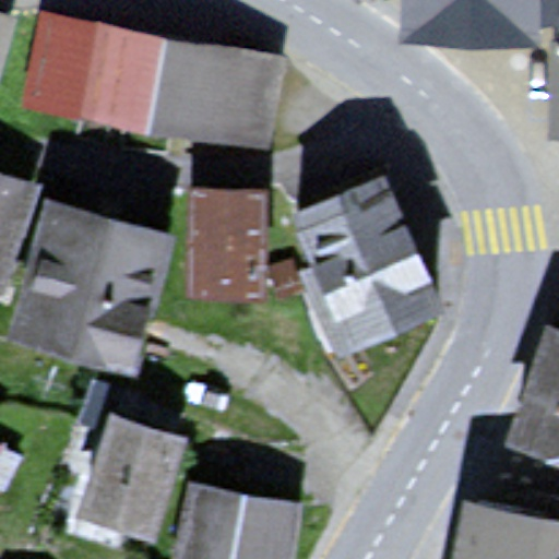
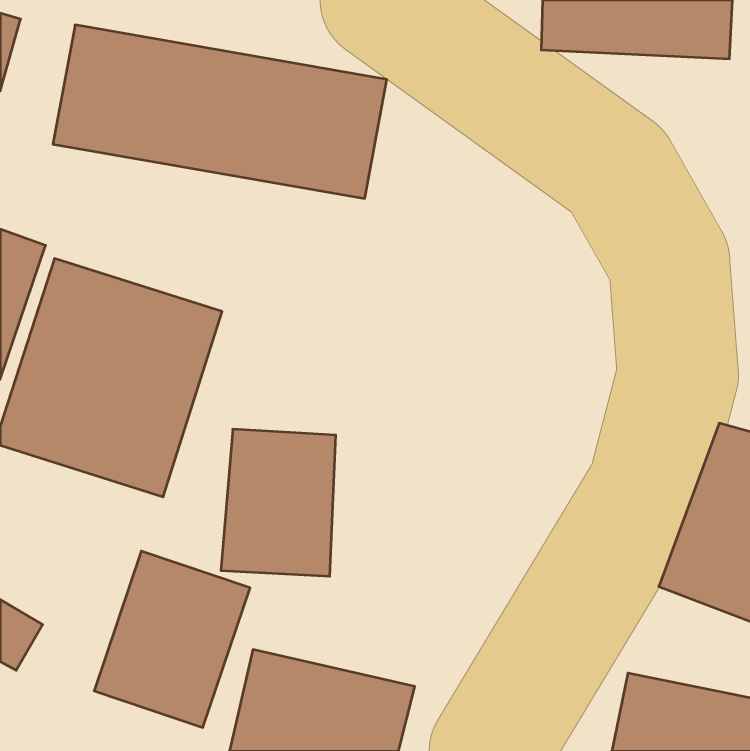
building: [276,180,441,361] -> none
building: [185,191,270,300] -> [221,429,336,576]

